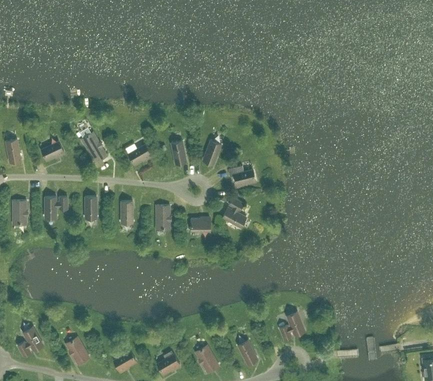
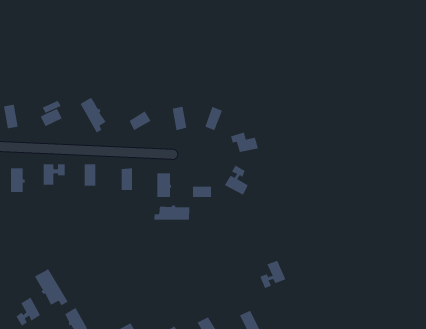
building: none -> [154,205,191,221]
building: none -> [34,266,68,306]
building: [279,311,305,339] -> [259,260,286,289]

